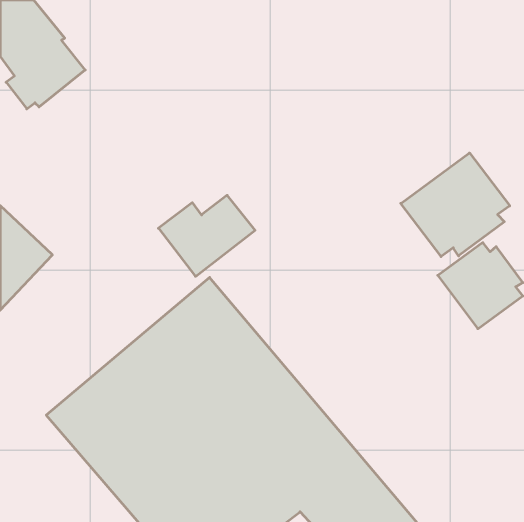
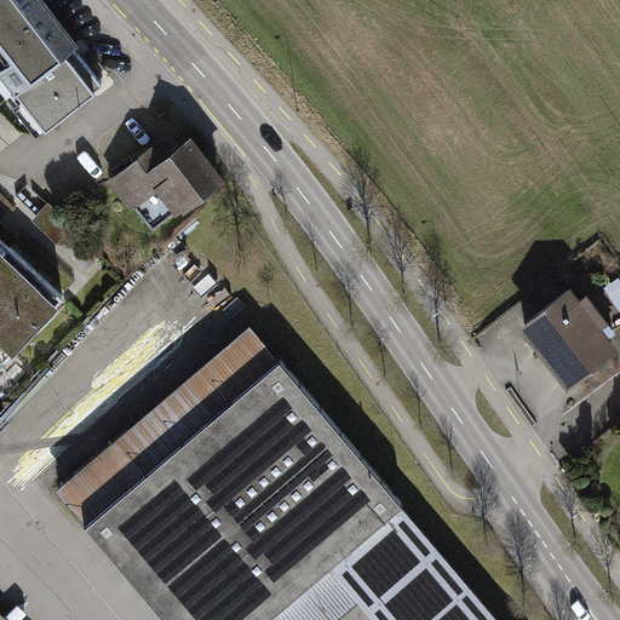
building: [401,153,510,257] -> none
building: [158,195,255,276] -> [110,142,224,237]

